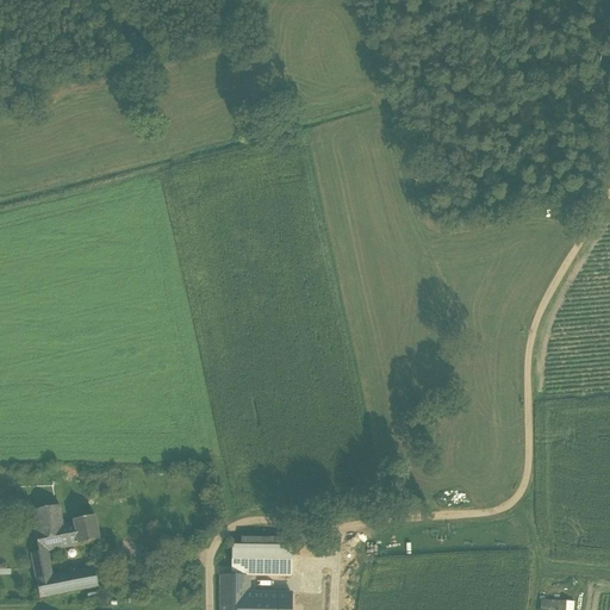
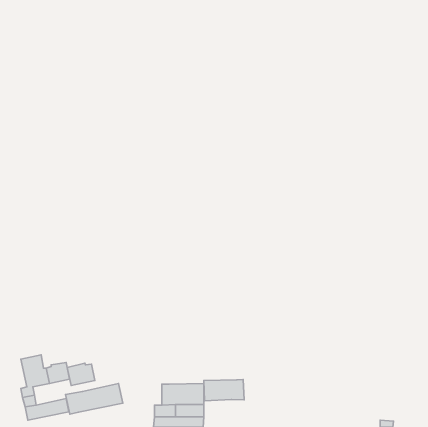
building: none -> [67,363,95,386]
building: none -> [204,380,244,401]
building: none -> [65,384,123,414]

